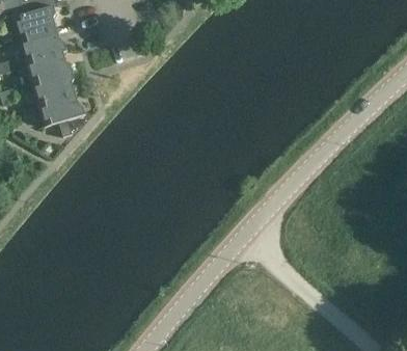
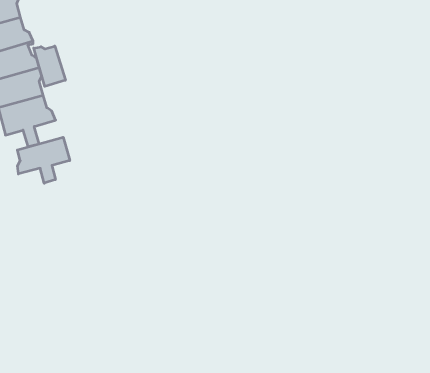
building: none -> [34,46,65,86]
building: none -> [17,137,70,183]

